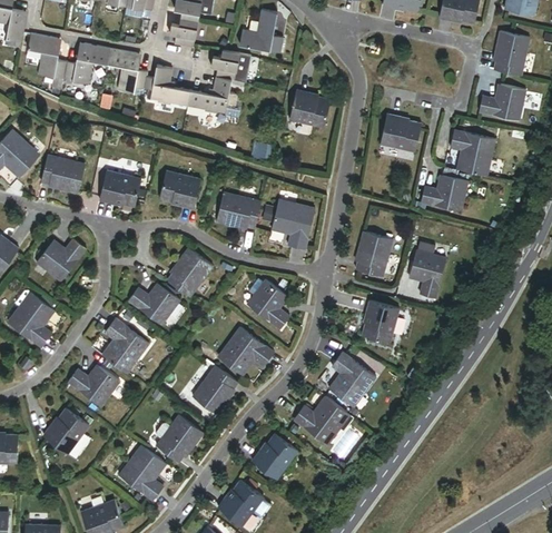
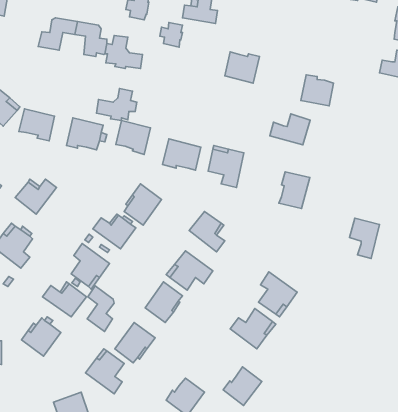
building: [28,34,67,79] -> none
building: [187,76,236,115] -> [97,89,137,121]
building: [450,129,494,174] -> none
building: [422,175,471,213] -> [270,114,310,145]
building: [410,251,446,300] -> [349,218,380,259]
building: [363,302,401,343] -> none
building: none -> [87,286,114,332]
building: [253,434,299,481] -> [223,367,262,405]

